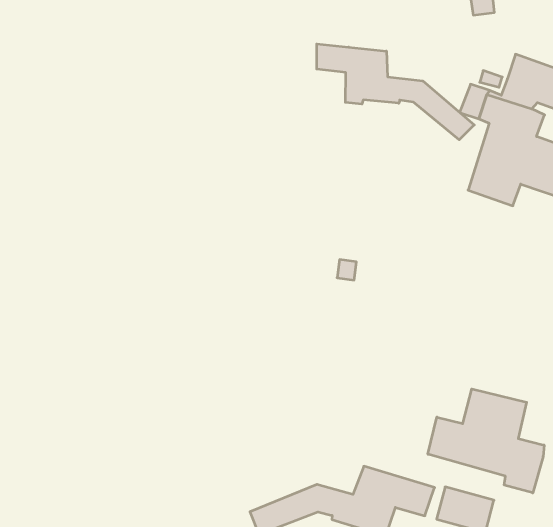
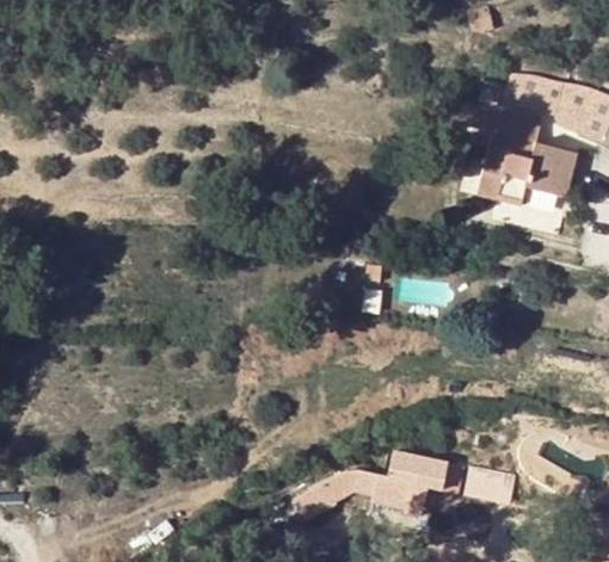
building: [317,44,474,140] -> none
building: [428,389,544,493] -> none

